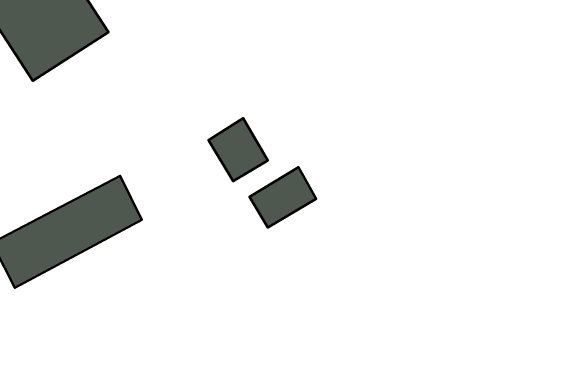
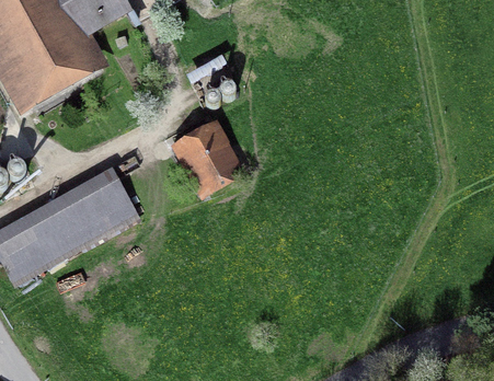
building: [250,167,316,228] -> none

